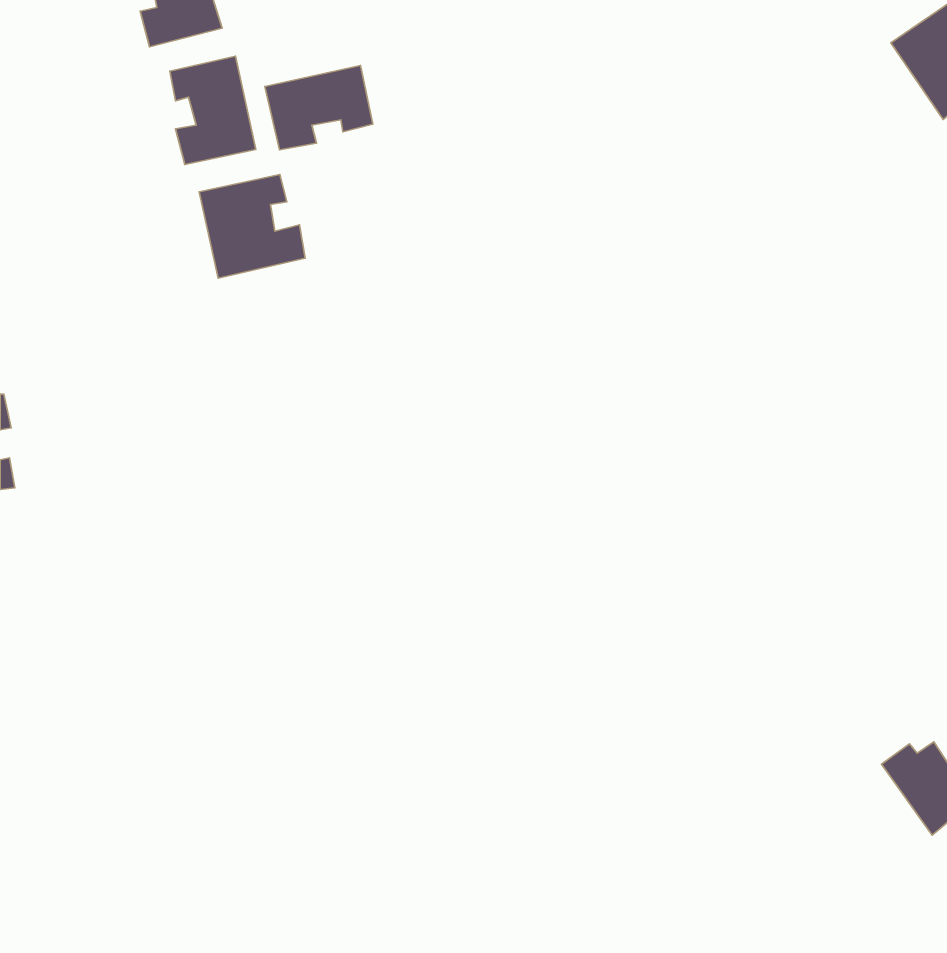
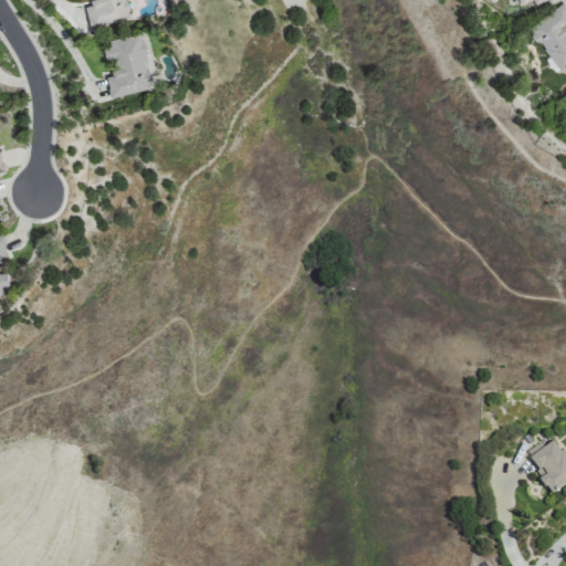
building: [265,65,373,150] -> none
building: [199,175,305,278] -> none

